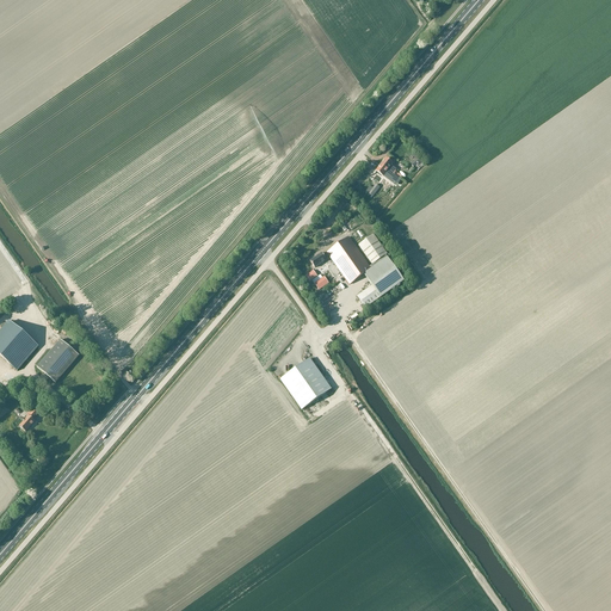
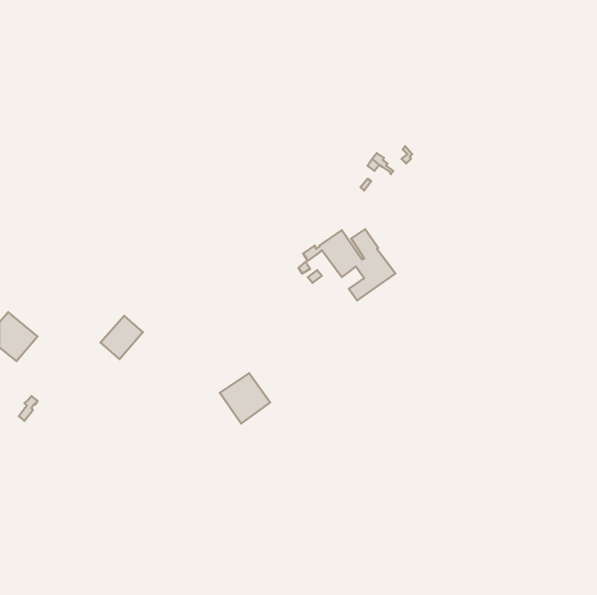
building: [36,338,79,382] -> [101,316,143,359]
building: [279,357,331,408] -> [220,373,270,423]

